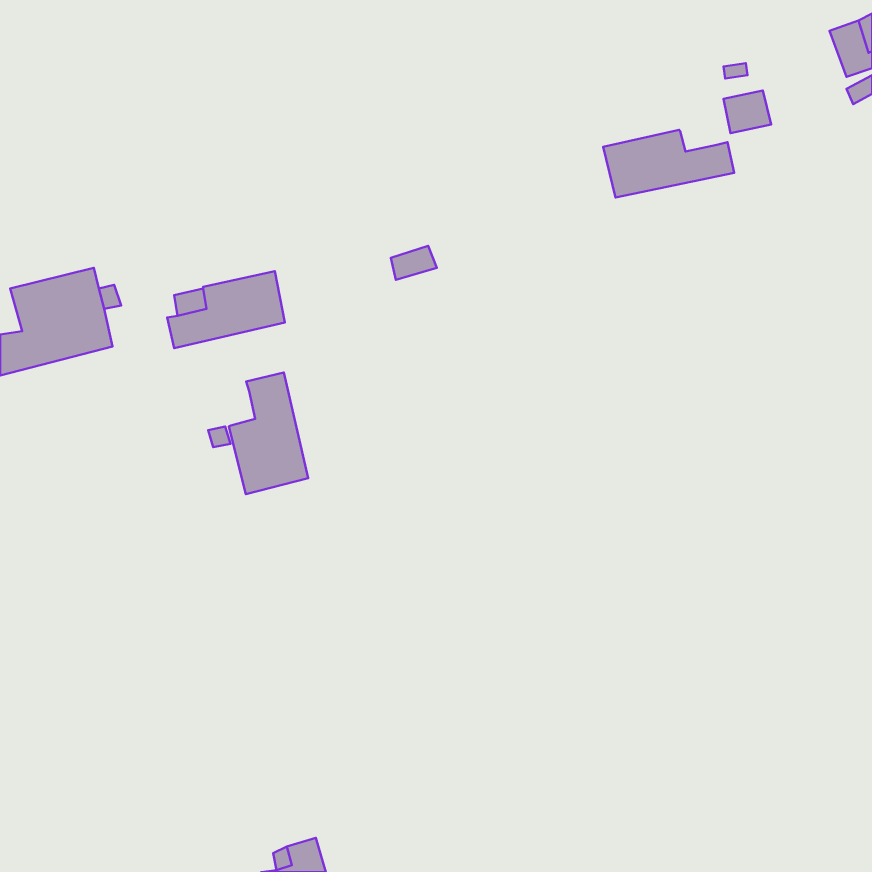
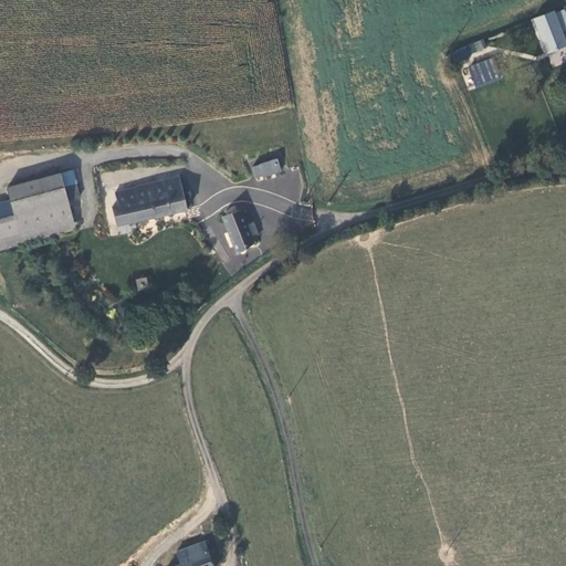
building: [603,130,734,198] -> none
building: none -> [224,207,252,249]
building: [229,373,308,494] -> none

